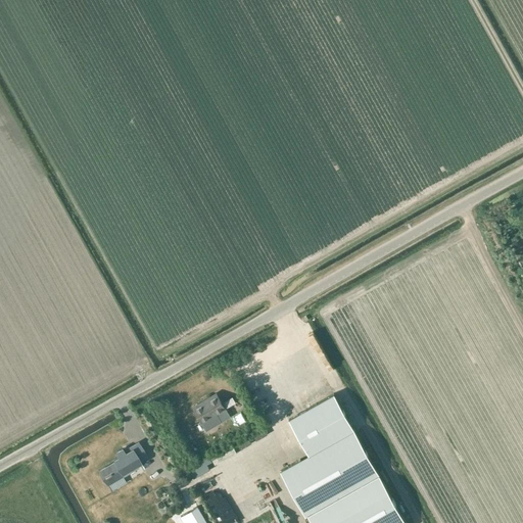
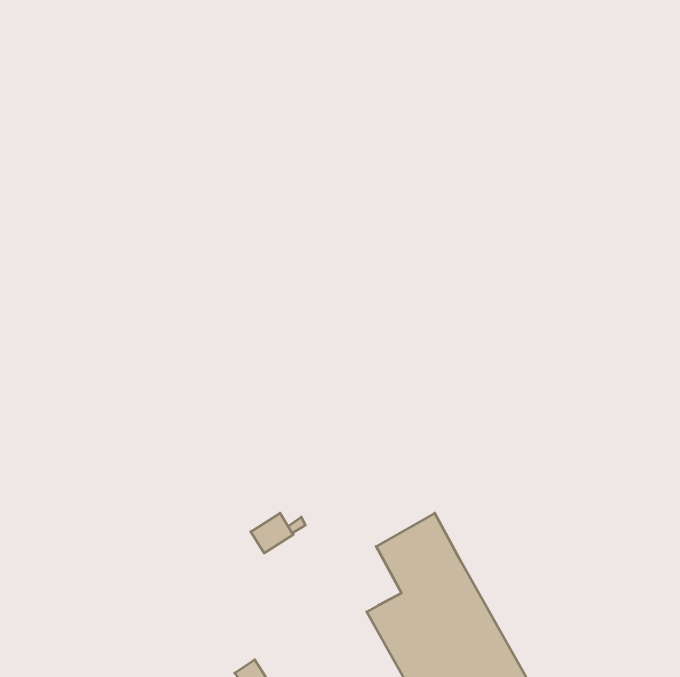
building: [103,446,145,486] -> none

